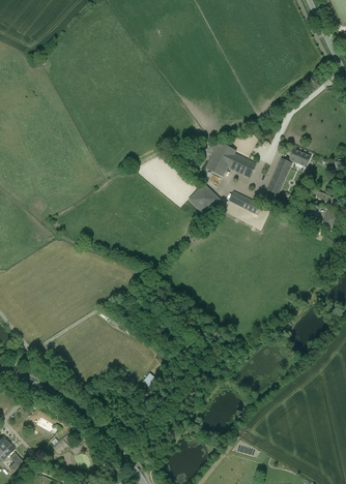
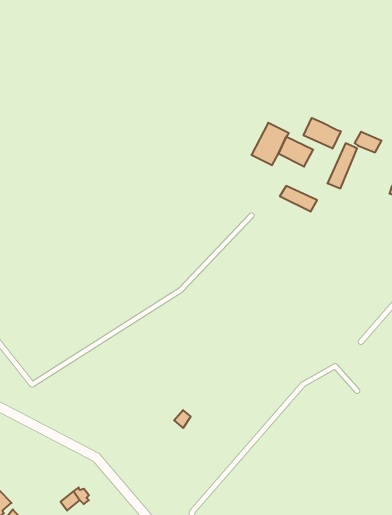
building: none -> [304,118,341,149]
building: [188,184,219,214] -> none

